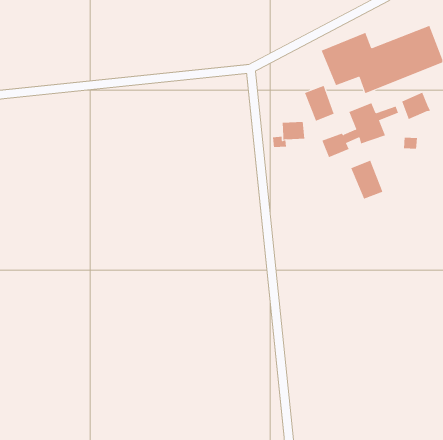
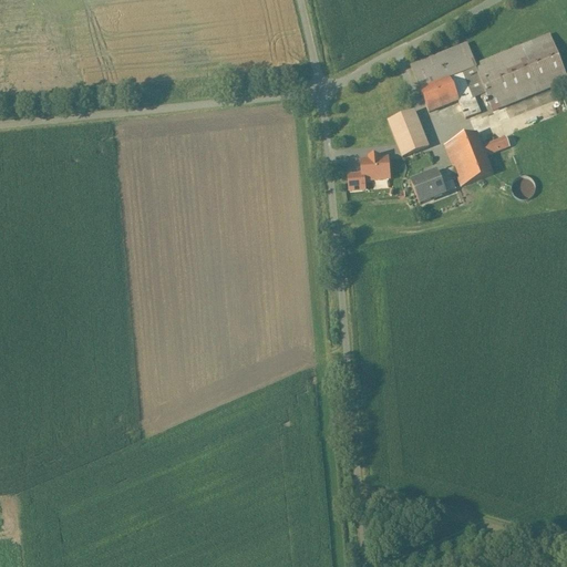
building: [401,92,431,120] -> none
building: [350,160,383,200] -> none

